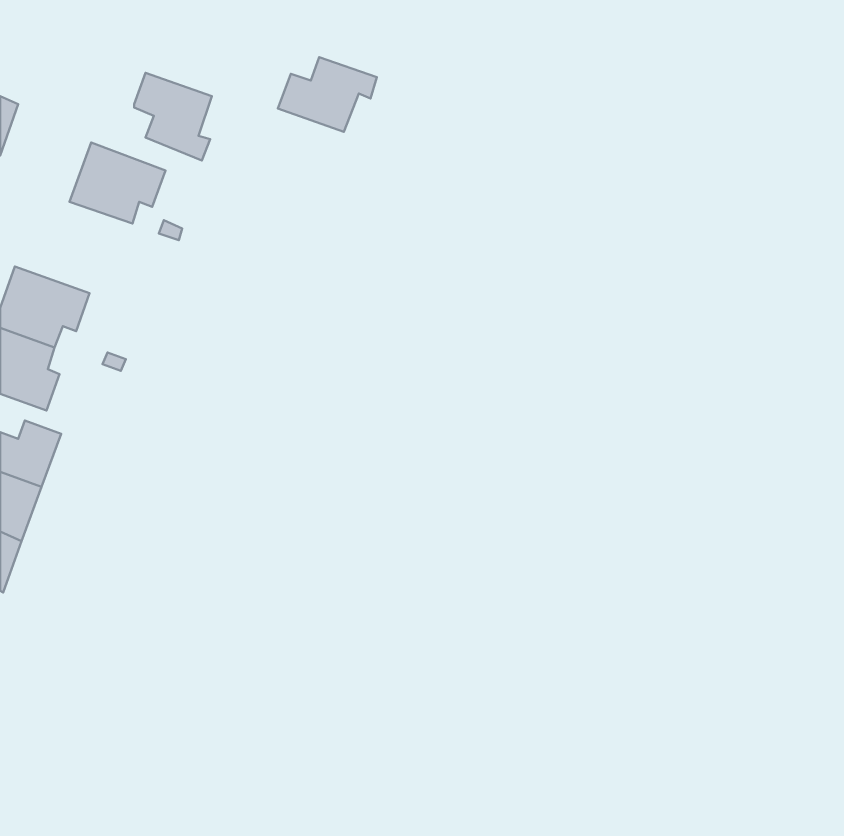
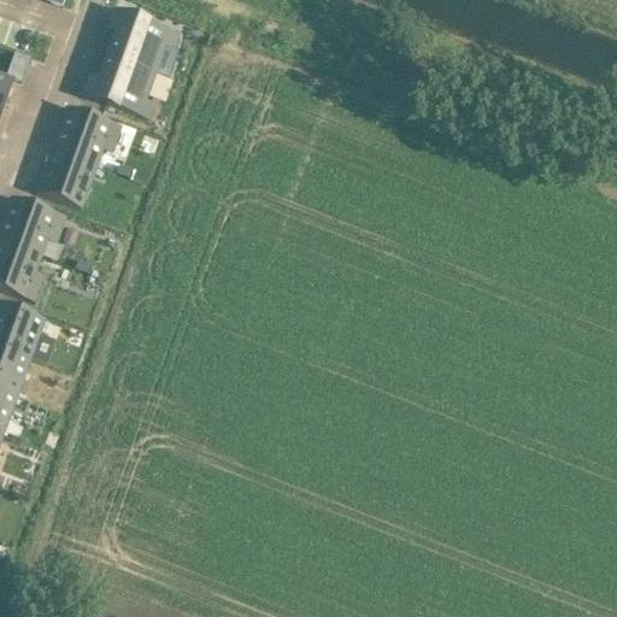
building: [278,57,377,132] -> [107,16,180,70]
building: none -> [37,147,98,206]

